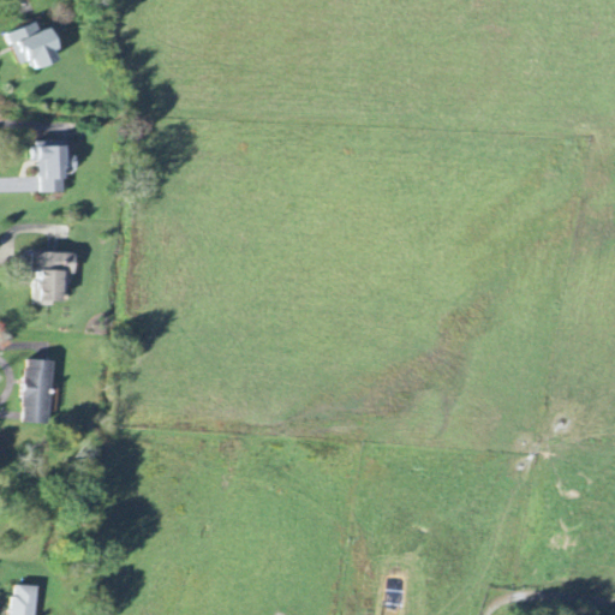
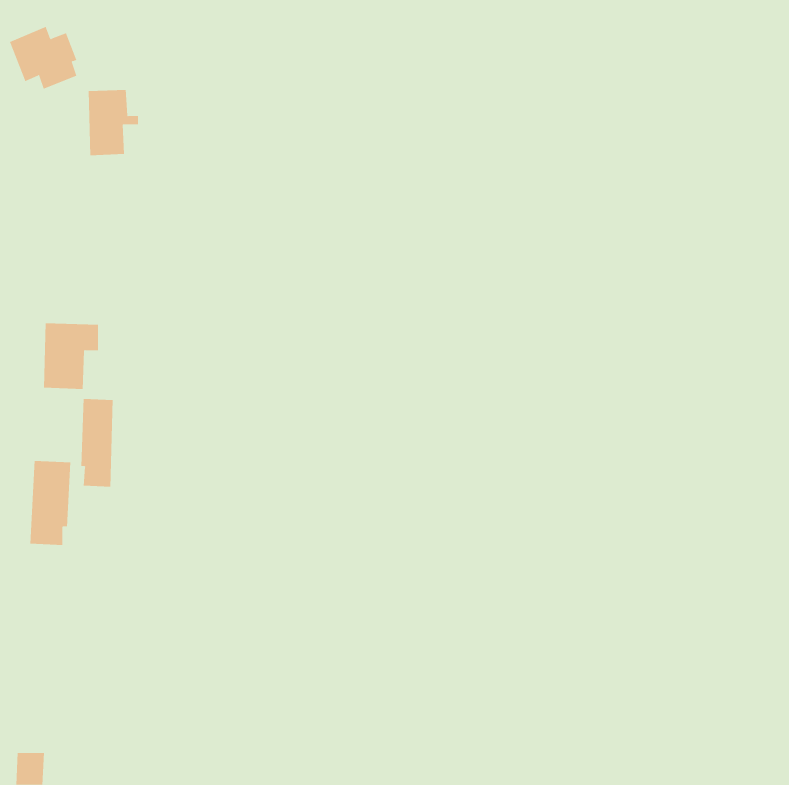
building: [37,139,77,191] -> [88,89,139,156]
building: none -> [81,398,113,487]

